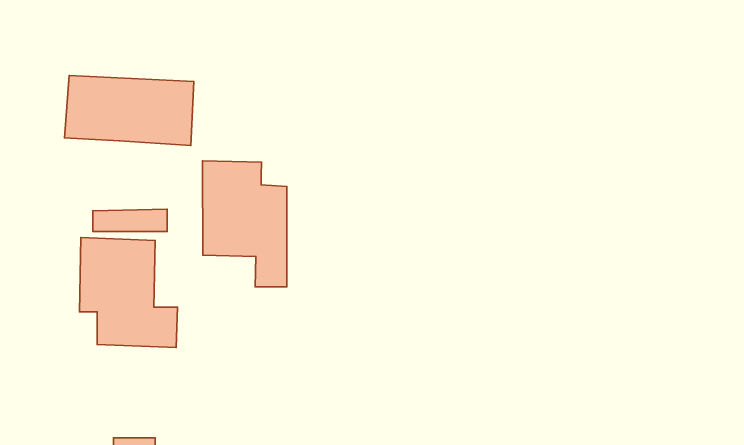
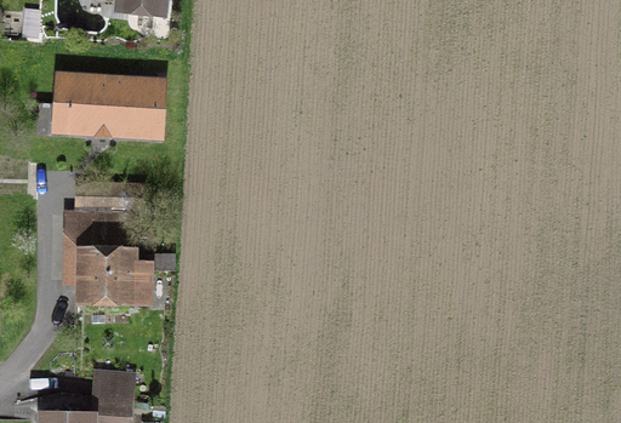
building: [203,161,287,287] -> none

